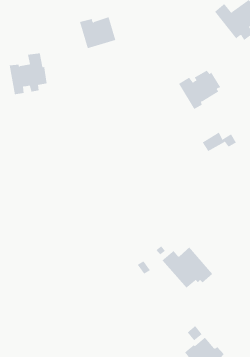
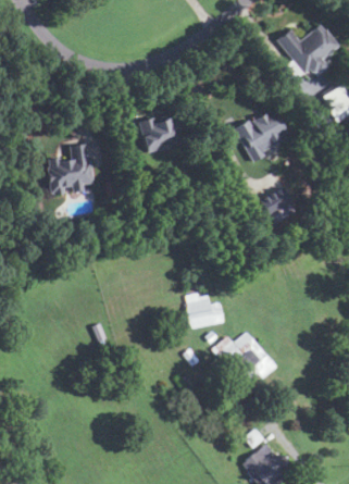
building: [79,17,116,49] -> [138,113,184,153]
building: [9,53,47,95] -> [46,145,94,197]
building: none -> [186,294,224,327]

